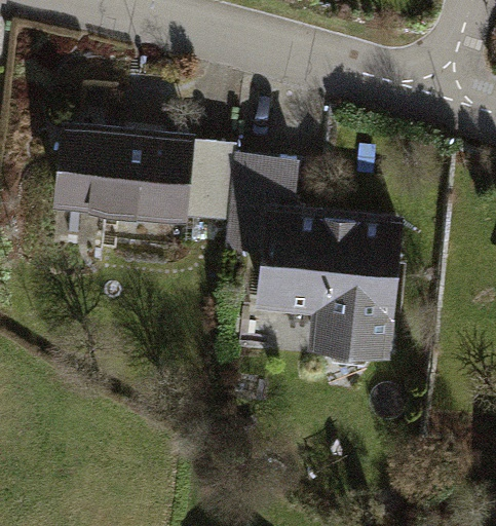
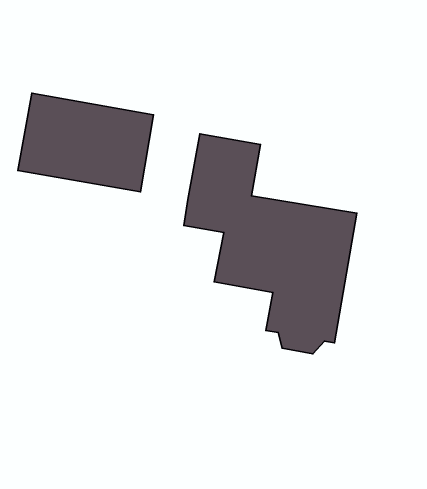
building: [182,144,237,225] -> none

